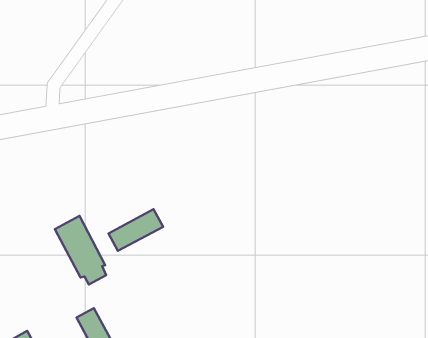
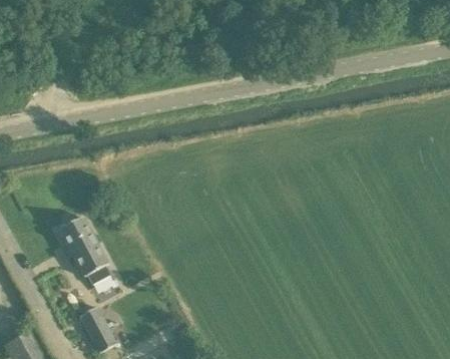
building: [108,209,163,251] -> none

